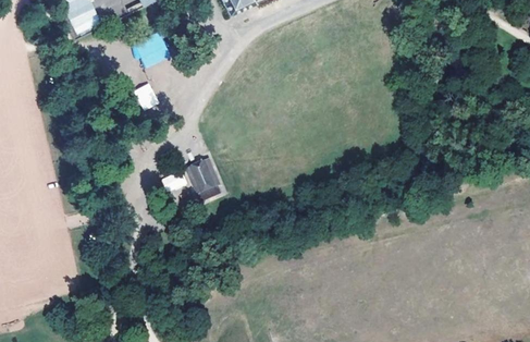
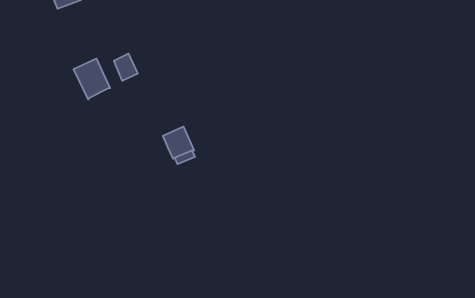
building: none -> [73,59,110,100]

